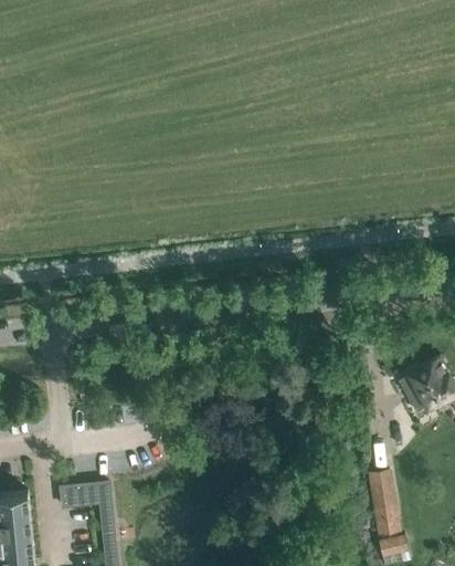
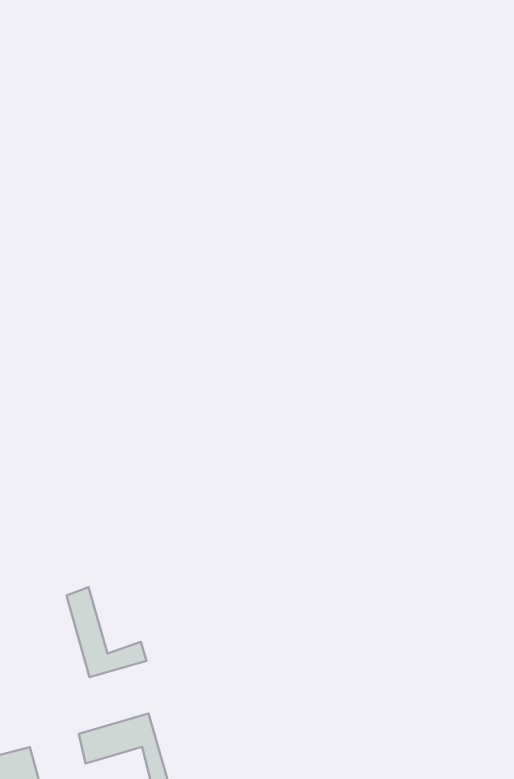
building: none -> [67,587,146,677]

